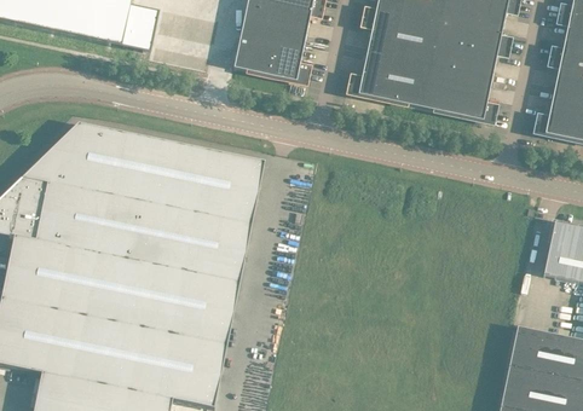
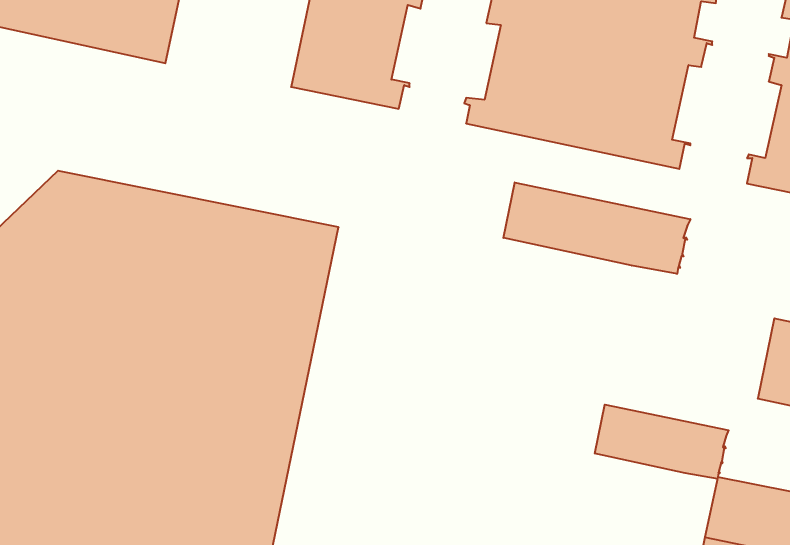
building: none -> [503,182,690,274]
building: none -> [595,405,729,479]

